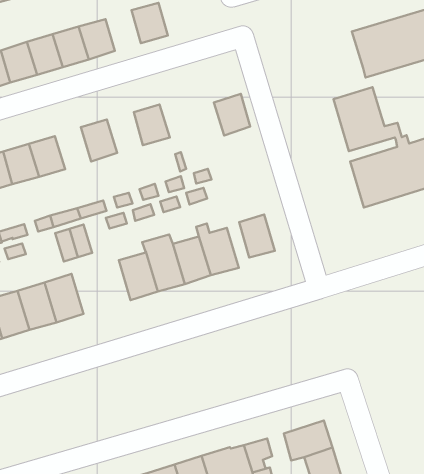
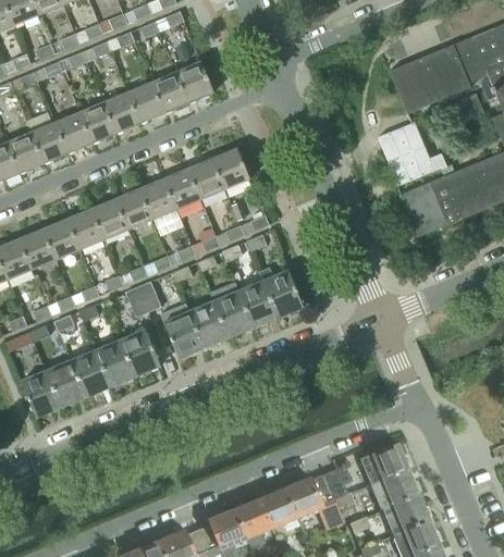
building: none -> [151,72,187,112]
building: [214,94,250,135] -> [211,148,248,189]
building: none -> [162,169,199,209]
building: none -> [114,188,151,230]
building: [239,215,275,258] -> none
building: none -> [159,304,202,358]

